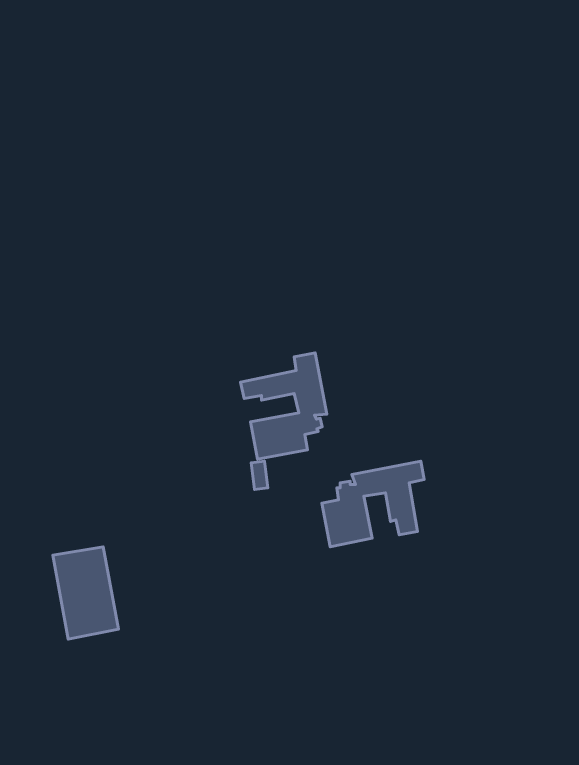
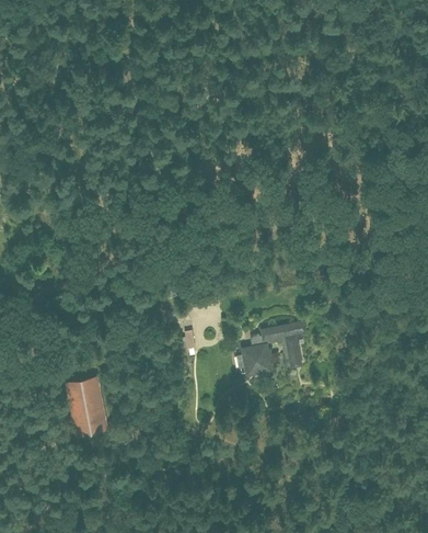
building: [241,353,327,459] -> none

